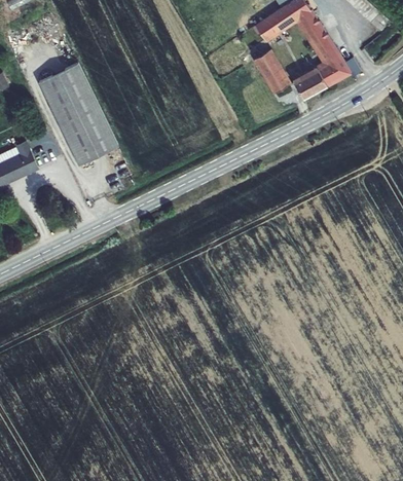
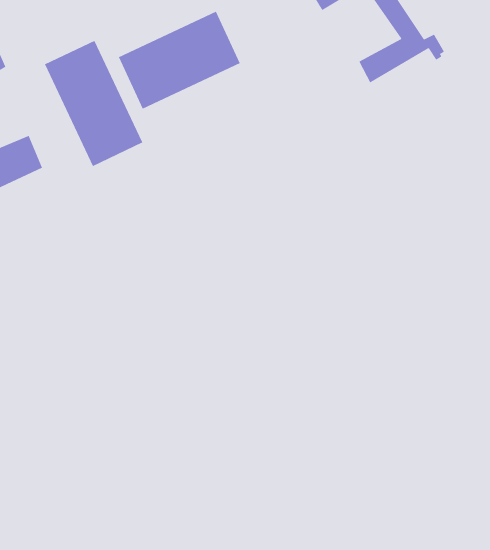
building: none -> [118,11,241,109]
building: [246,50,288,95] -> none

